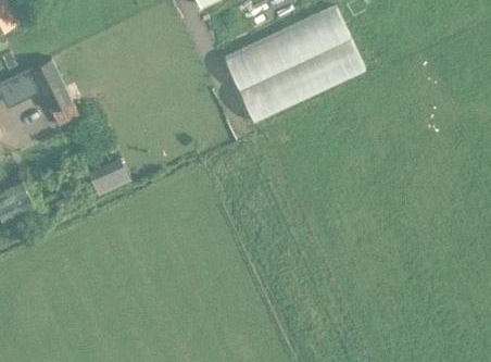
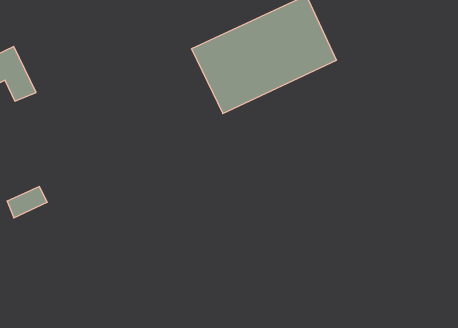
building: [91,163,130,194] -> [7,187,47,218]

